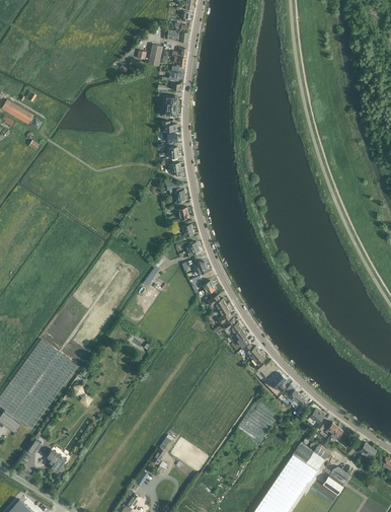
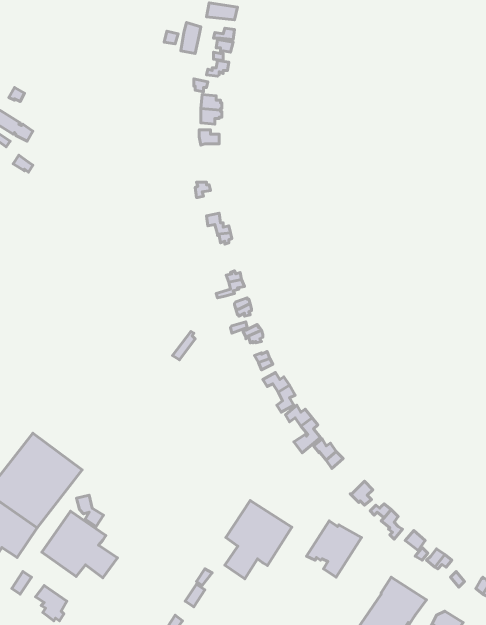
building: none -> [225,501,292,579]
building: none -> [42,511,117,578]

